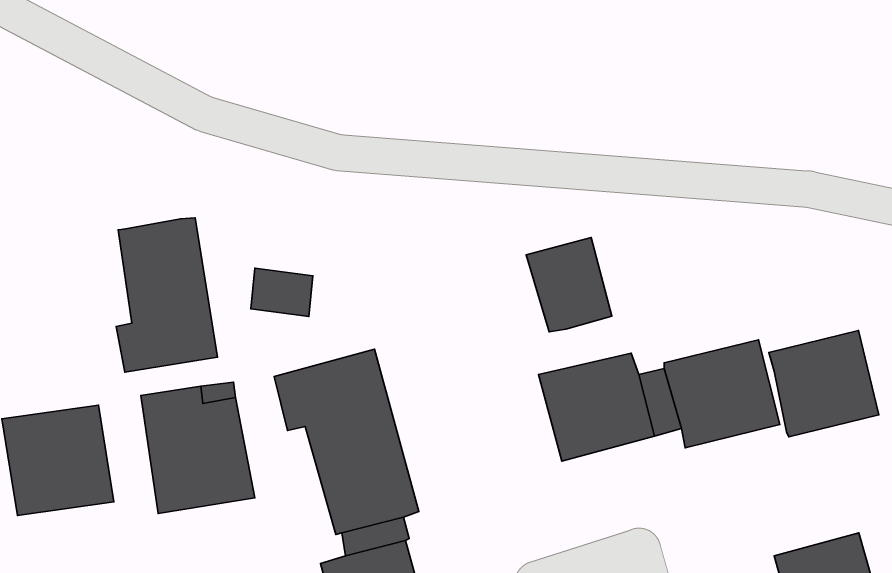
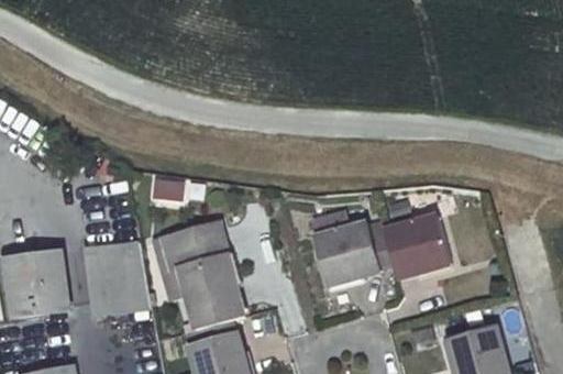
building: [116,218,218,372] -> none
building: [526,238,612,332] -> none
building: [769,331,879,437] -> none

